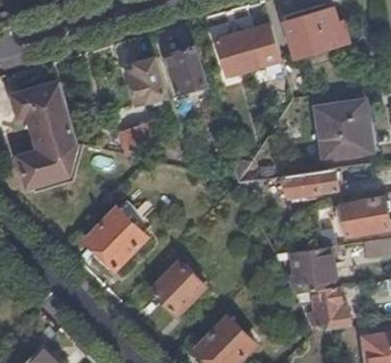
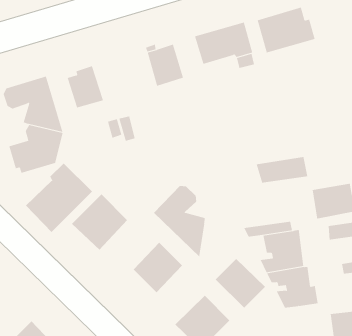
building: [128,59,168,105] -> [67,65,104,108]
building: [316,101,371,159] -> none
building: none -> [25,162,93,233]
building: none -> [153,185,205,257]
building: none -> [215,258,266,308]

